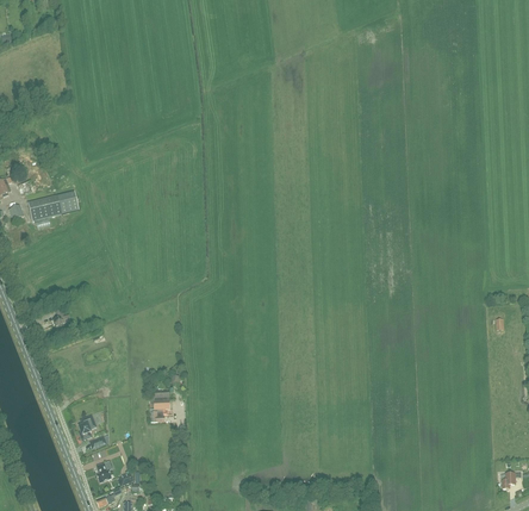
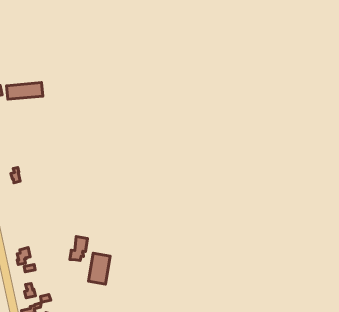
building: none -> [89,253,110,284]

